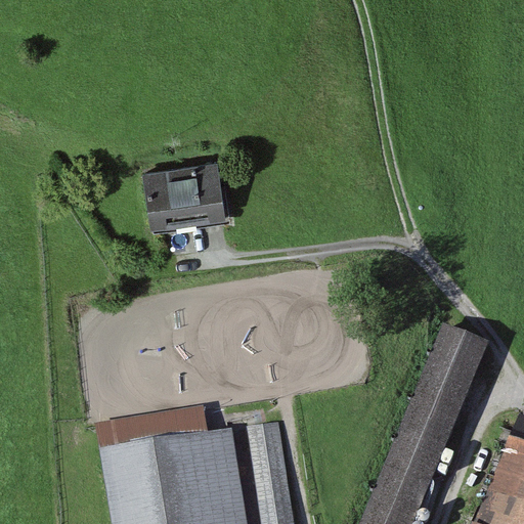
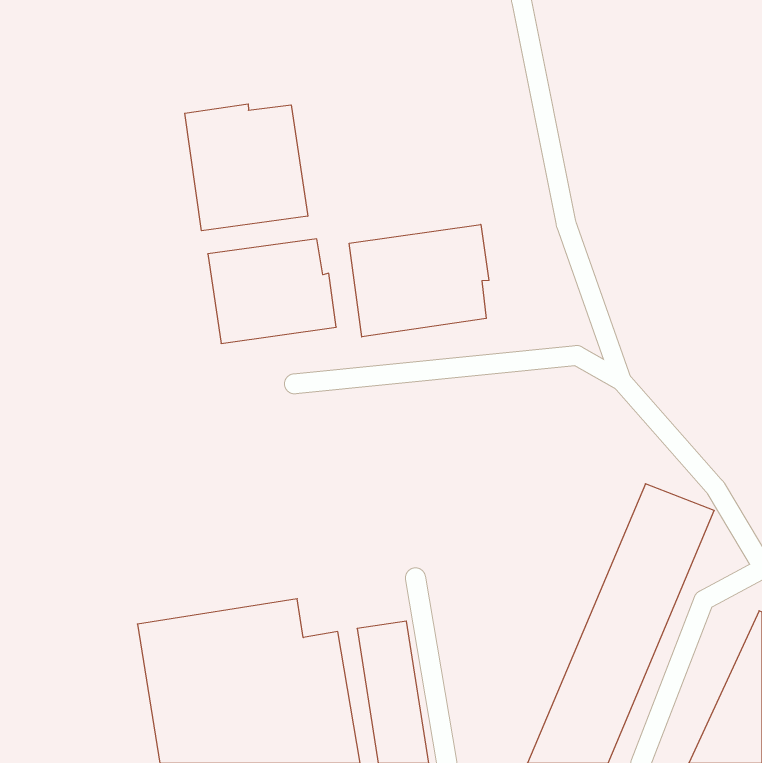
building: none -> [185,104,308,231]
building: none -> [349,224,489,337]

